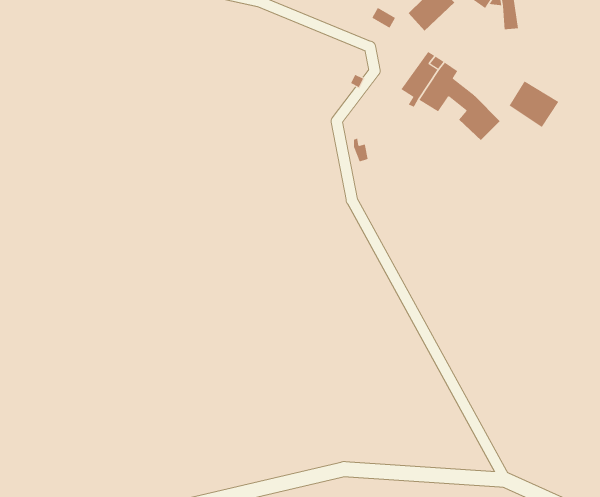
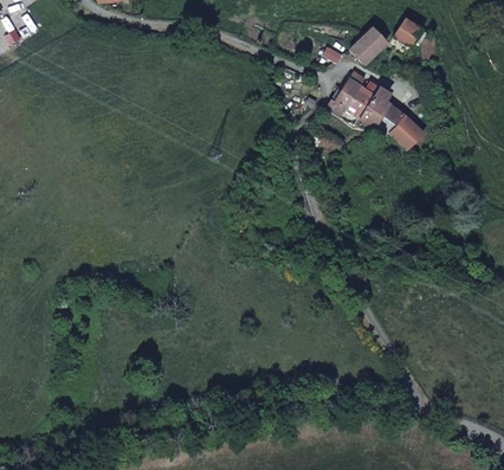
building: none -> [327,71,366,116]
building: [509,80,559,128] -> none

